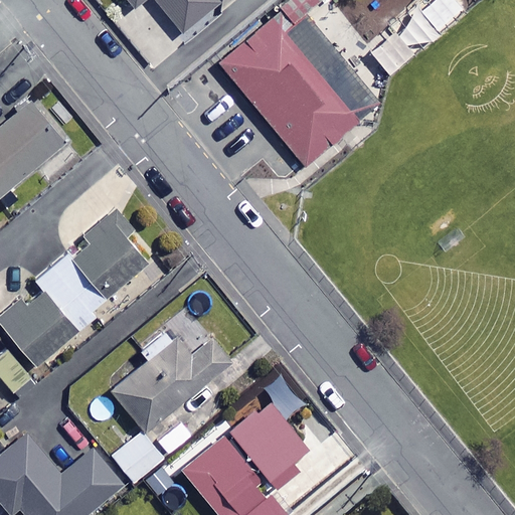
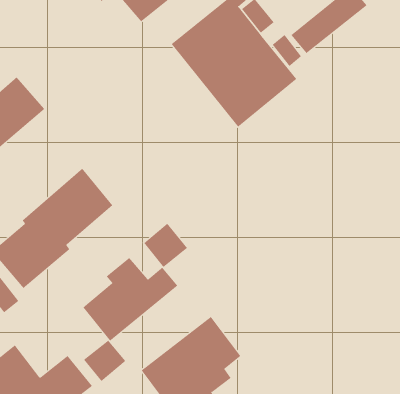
building: none -> [143,223,188,268]

